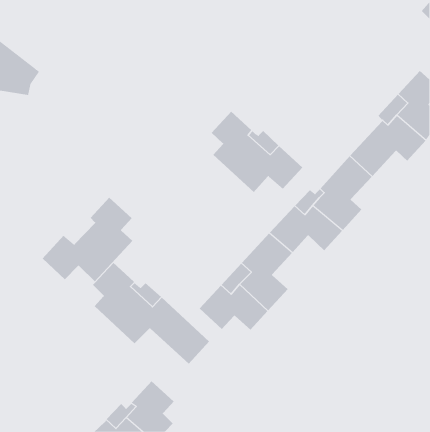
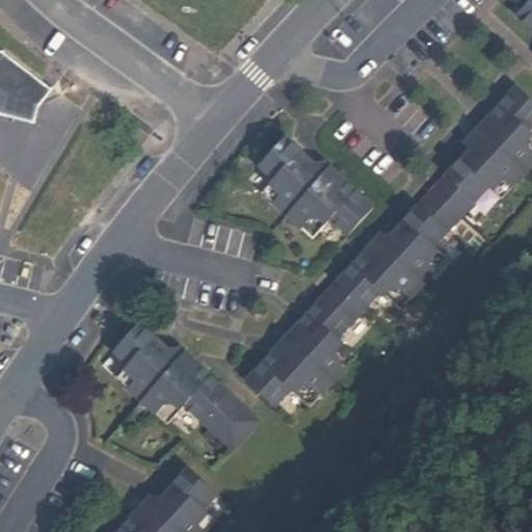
building: [42,197,133,282] -> none

